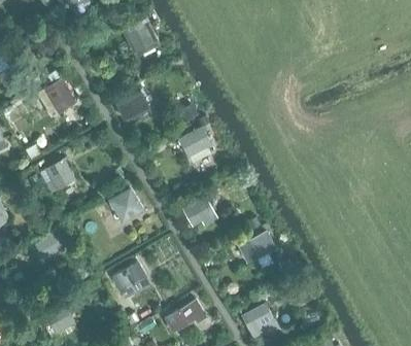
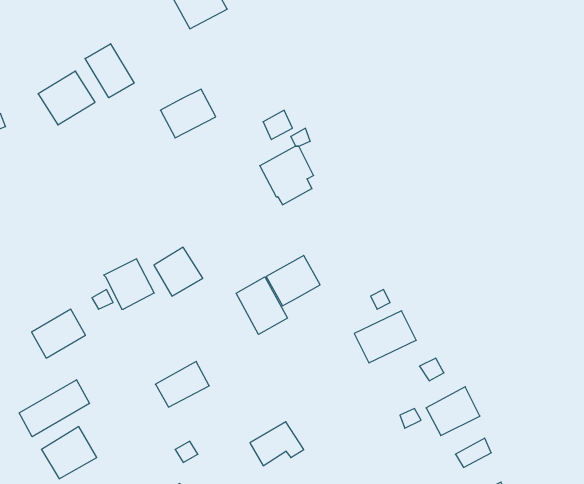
building: none -> [85,44,134,98]
building: [44,159,76,191] -> [104,259,154,309]
building: none -> [236,277,287,334]
building: none -> [19,380,90,437]
building: [241,303,275,334] -> [426,387,480,436]

